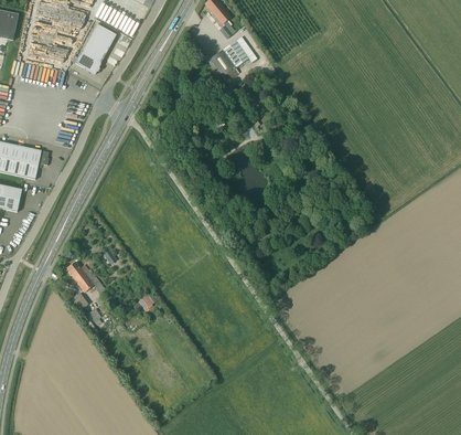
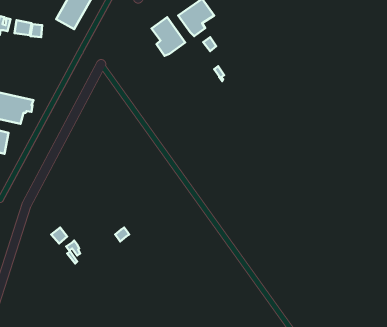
building: none -> [151,17,185,56]
building: [66,262,107,296] -> none

